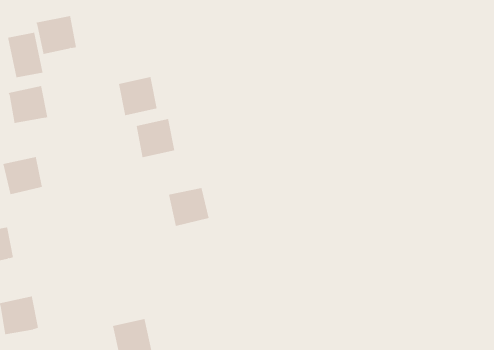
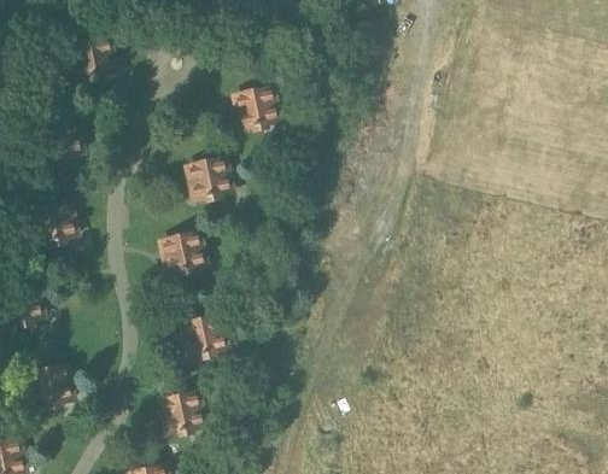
building: [8,32,43,78] -> none
building: [118,77,158,116] -> [234,83,280,129]
building: [168,187,209,227] -> [159,229,207,275]
building: none -> [181,312,228,358]

